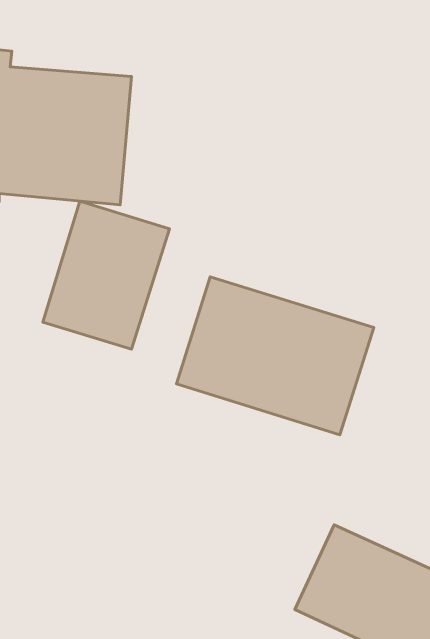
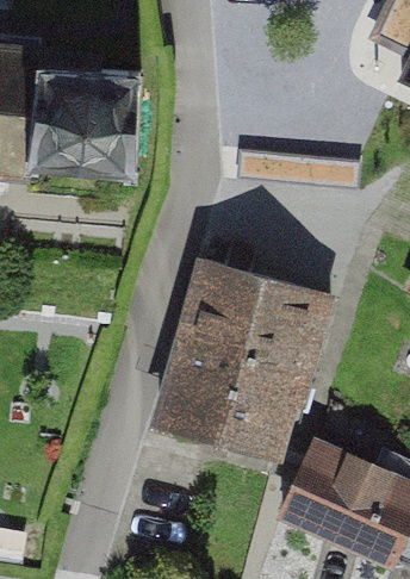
building: [43,201,169,349] -> none
building: none -> [149,329,316,462]

